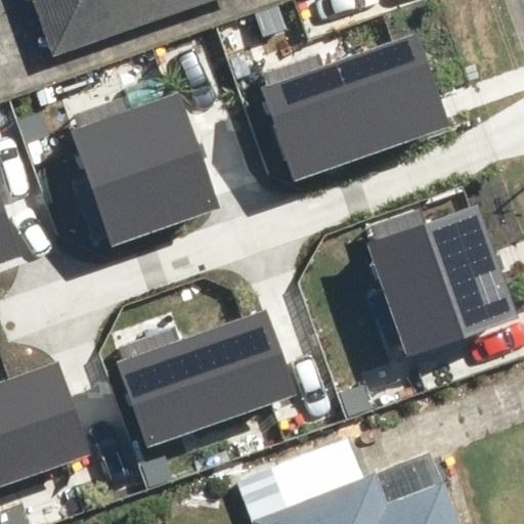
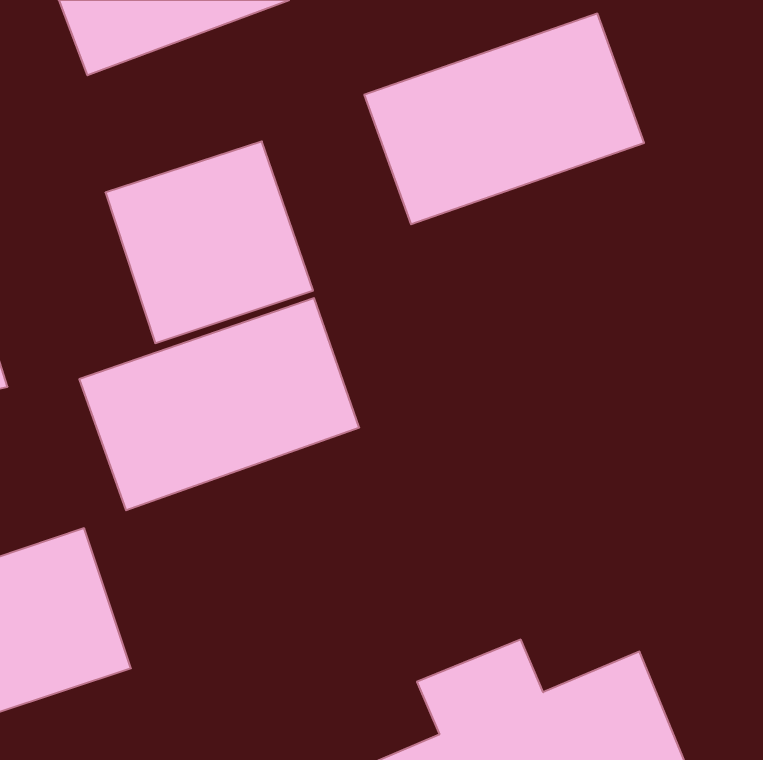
building: [367,213,508,350] -> none
building: [110,304,300,448] -> [79,298,359,510]

